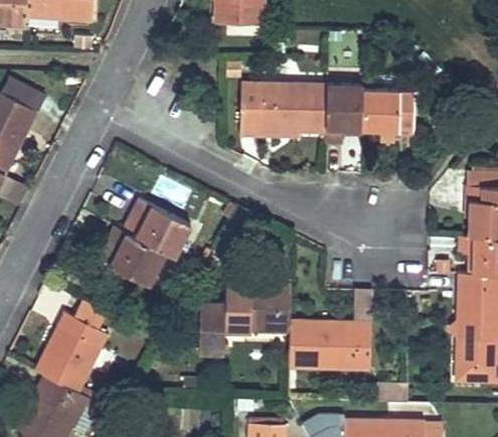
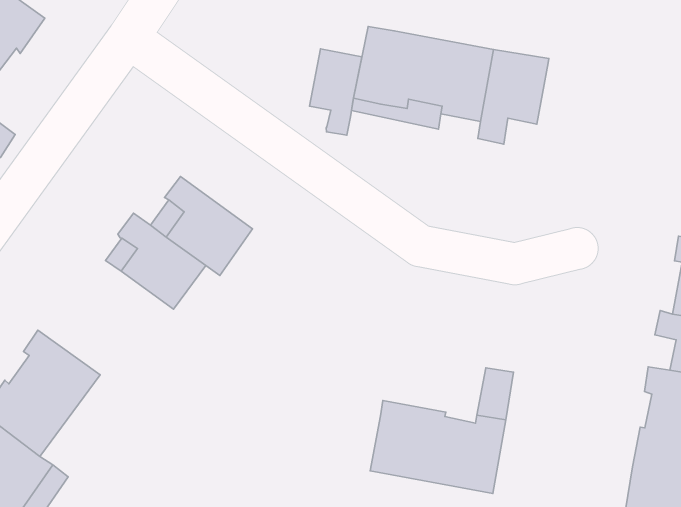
building: [361,90,412,140] -> none
building: none -> [310,49,362,135]
building: [199,284,291,353] -> none

